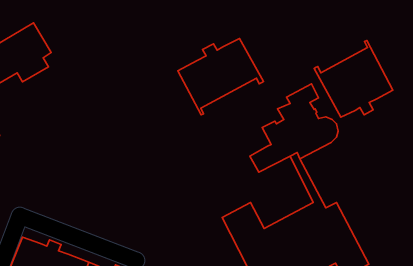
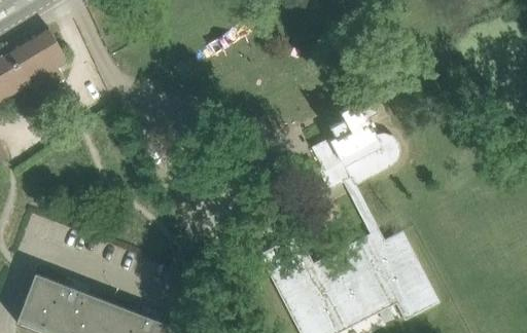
building: [178,38,263,115] -> none
building: [314,40,393,117] -> none

